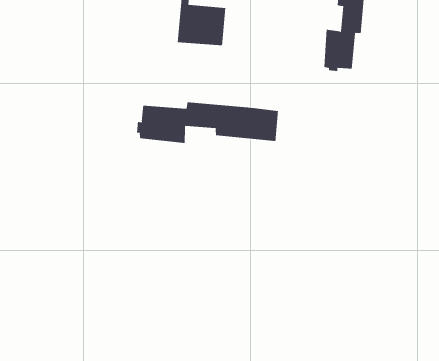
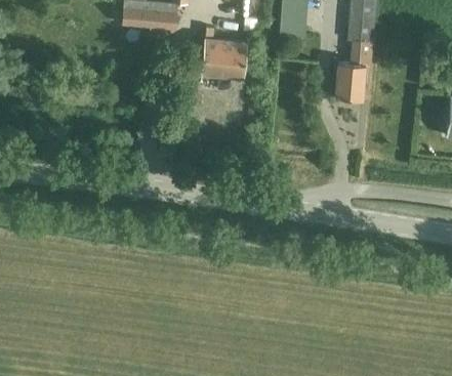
building: [137,102,279,144] -> none

